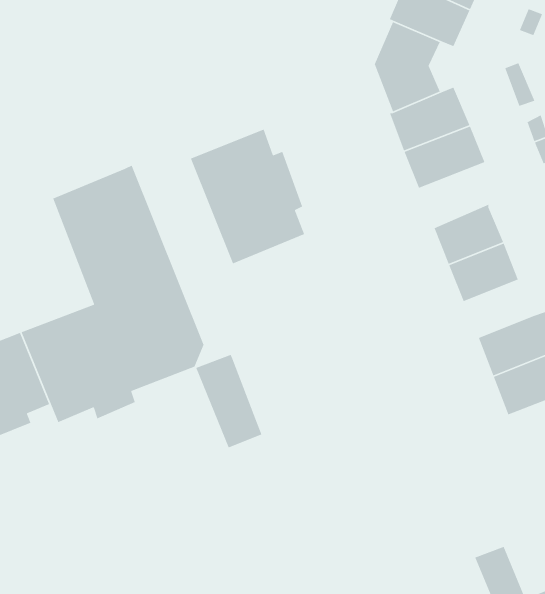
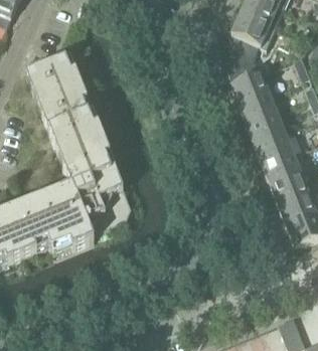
building: [190,129,305,264] -> [25,55,88,129]
building: none -> [247,110,291,145]
building: none -> [271,173,309,204]
building: [195,354,262,449] -> none

